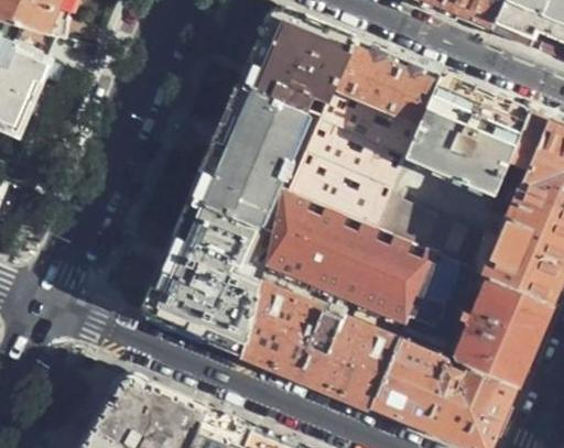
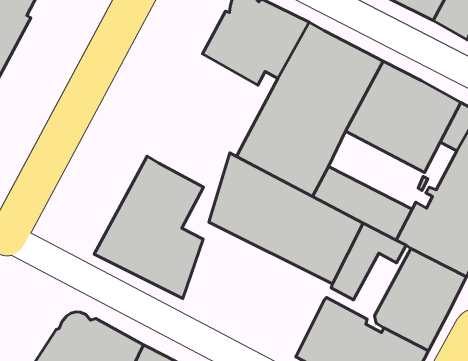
building: [193,88,306,232] -> none
building: [245,288,398,407] -> none

